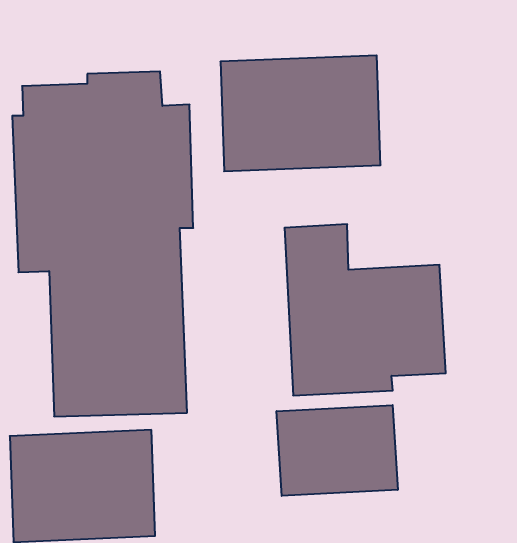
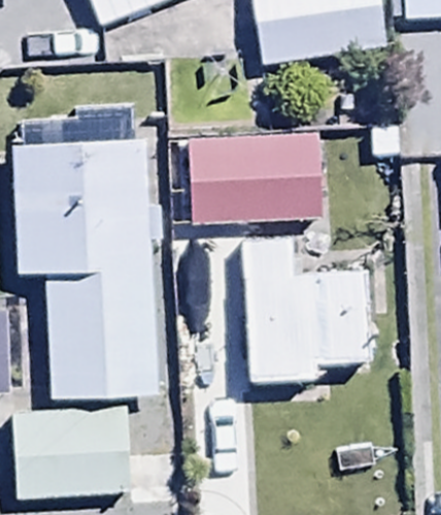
building: [277,405,398,496] -> none

